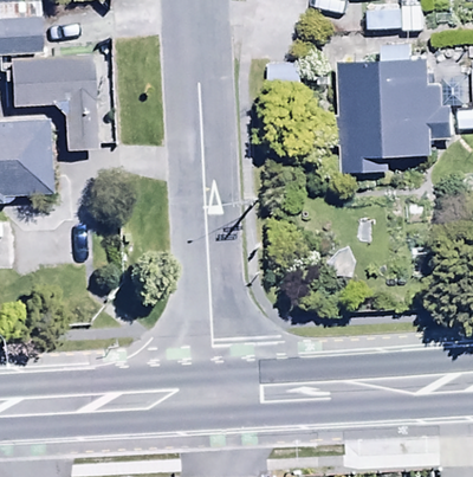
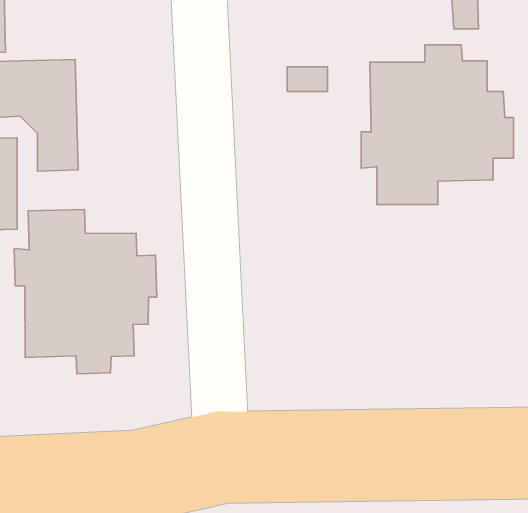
building: none -> [14,209,157,374]

